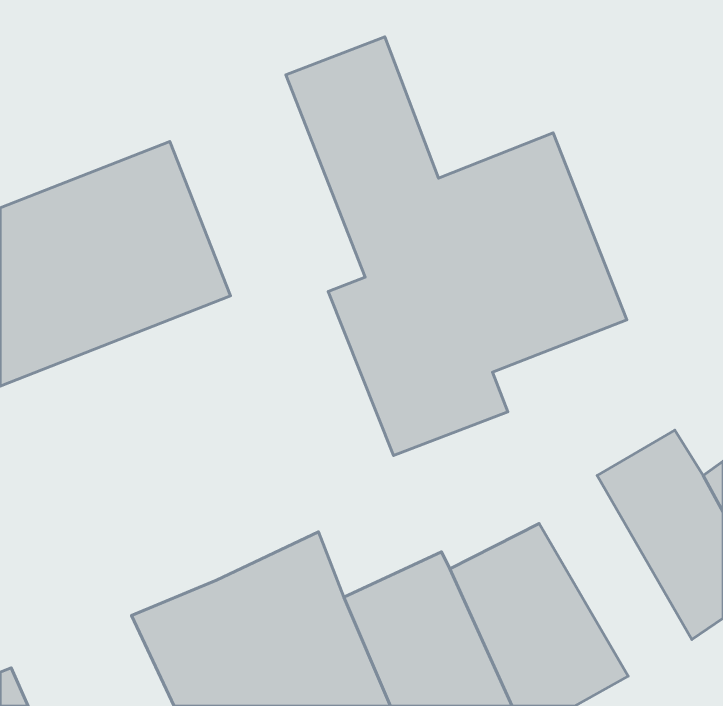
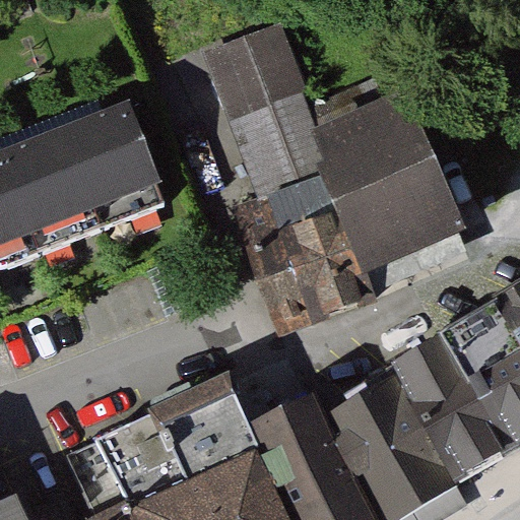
building: none -> [383,341,497,485]

